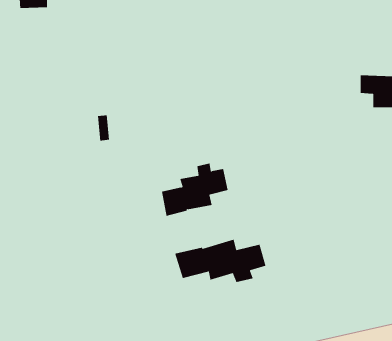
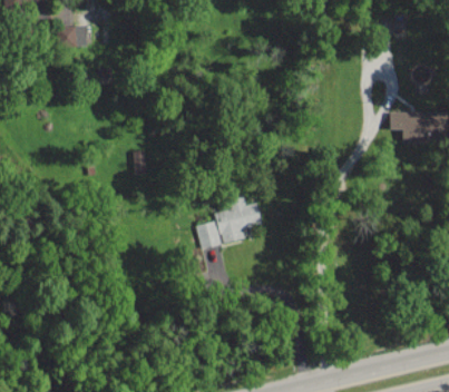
building: [174,239,266,283] -> none

